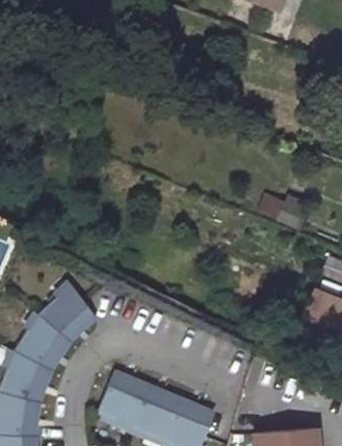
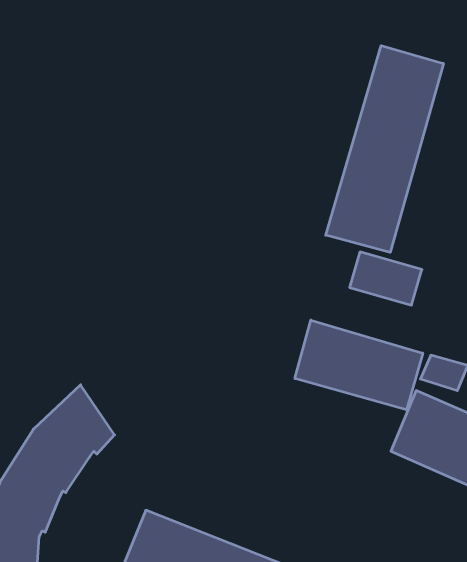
building: none -> [326,46,443,252]
building: none -> [295,320,423,410]

